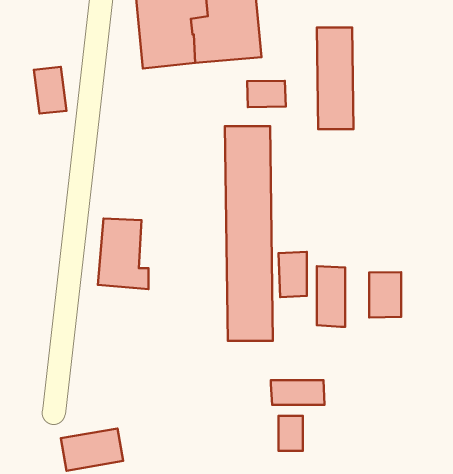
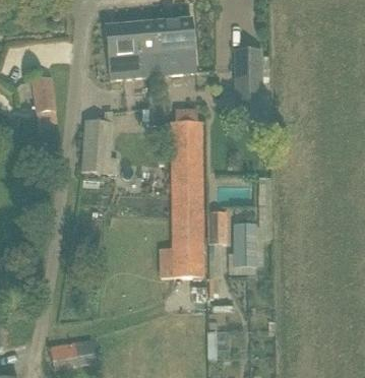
building: [247,81,286,107] -> none
building: [98,219,149,289] -> [82,120,119,171]
building: [369,272,401,317] -> none
building: [271,380,325,405] -> none

